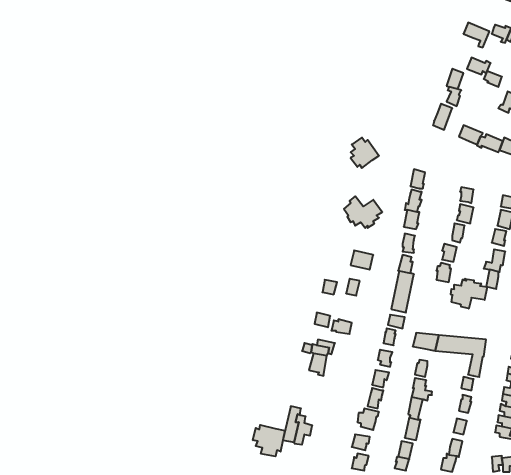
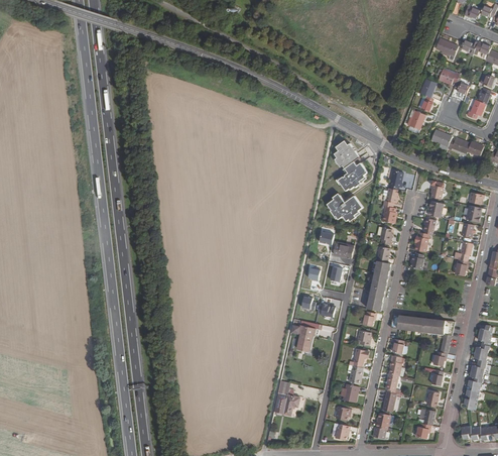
building: none -> [338,160,366,190]
building: [451,279,487,309] -> none
building: [253,425,285,456] -> none

